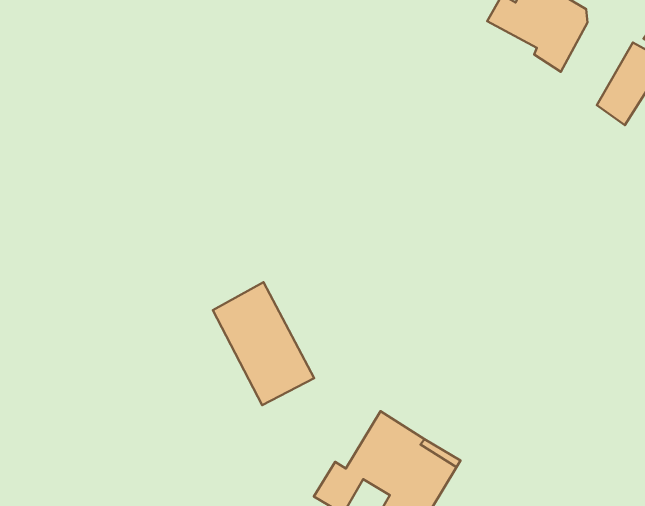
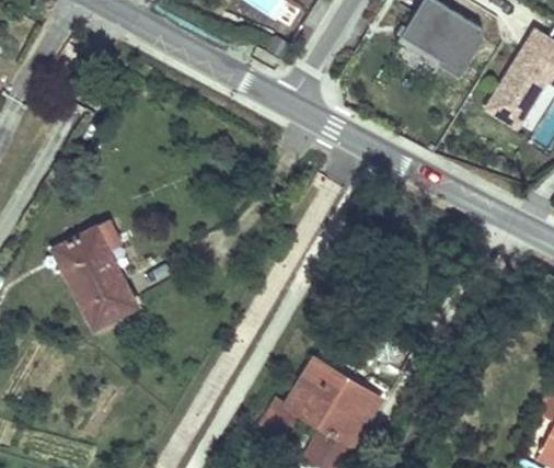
building: [213,282,314,405] -> [54,227,137,328]

